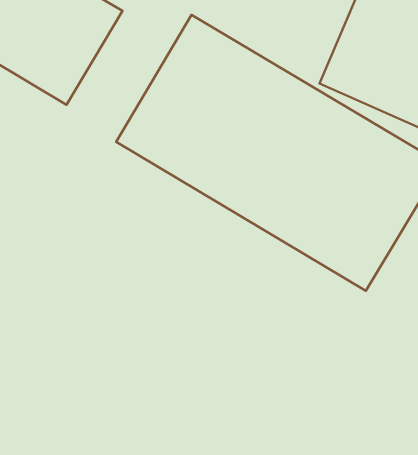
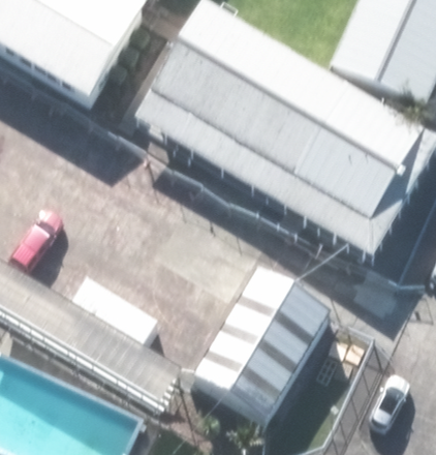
building: none -> [192,269,333,417]

